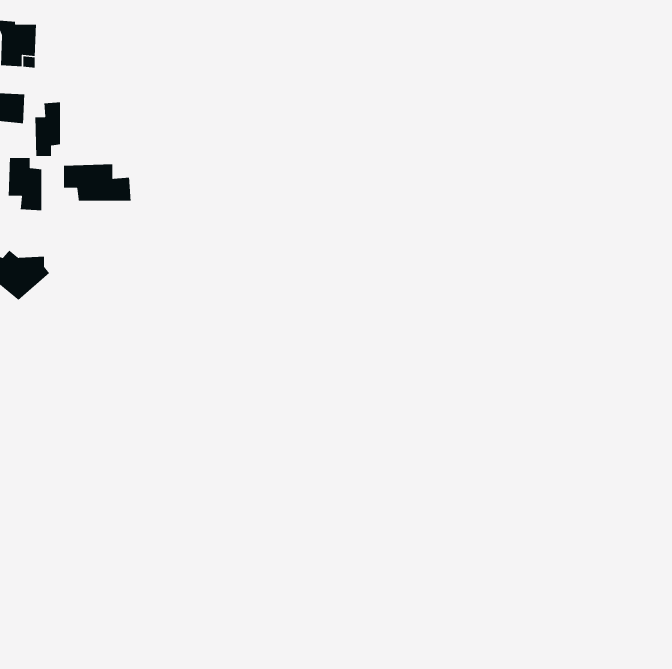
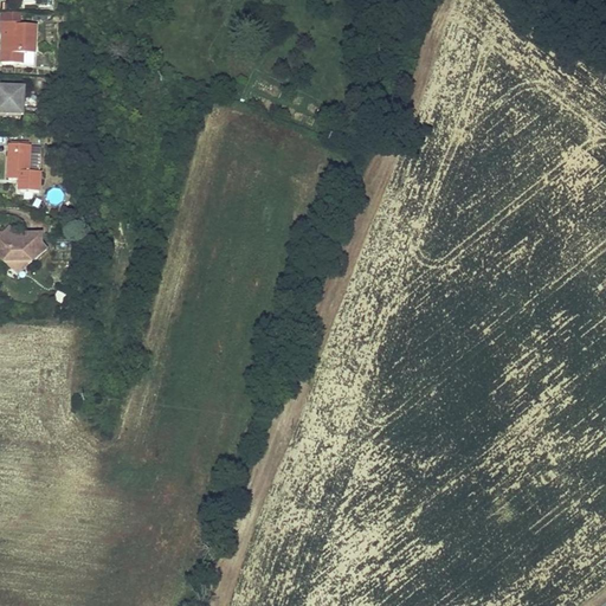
building: [35,102,61,157] -> none
building: [63,164,131,202] -> none

